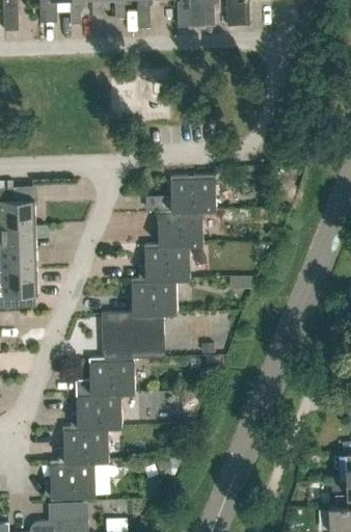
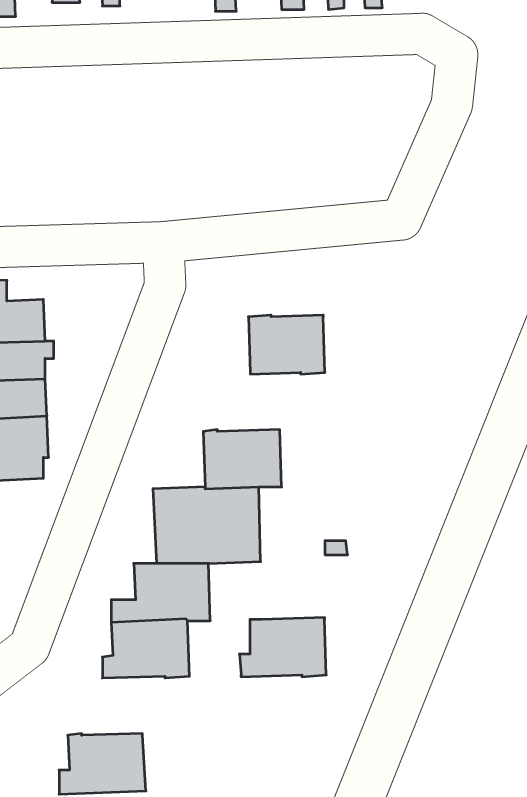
building: [170,175,217,210] -> none
building: [139,243,190,278] -> none
building: [57,425,109,460] -> [239,618,326,677]

